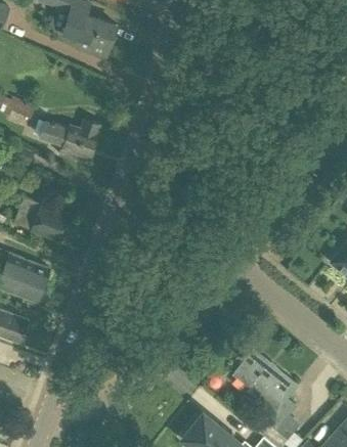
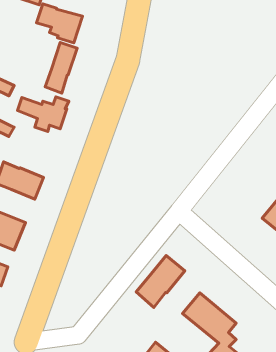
building: none -> [45,42,77,93]
building: none -> [136,256,185,308]

